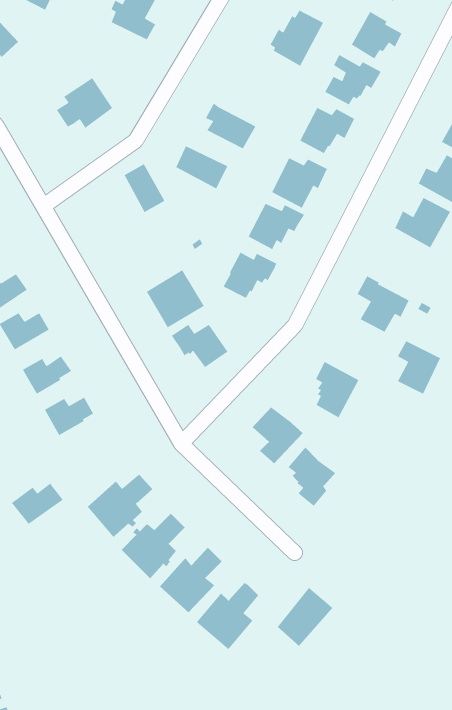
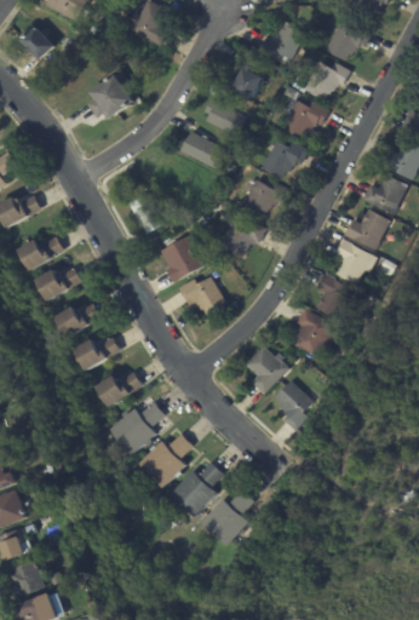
building: none -> [231,57,265,99]
building: [124,163,165,213] -> [130,193,163,234]
building: none -> [345,208,390,249]
building: [397,340,441,395] -> [316,276,352,321]
building: [11,482,64,525] -> [99,369,143,404]
building: [277,587,333,647] -> none

